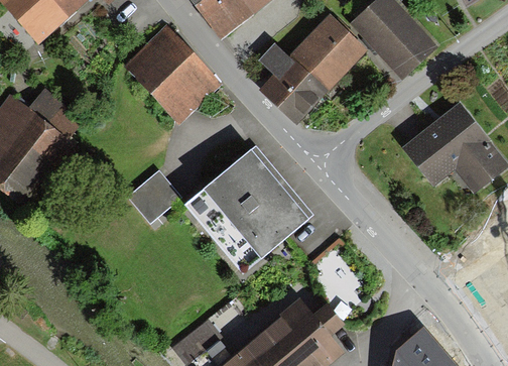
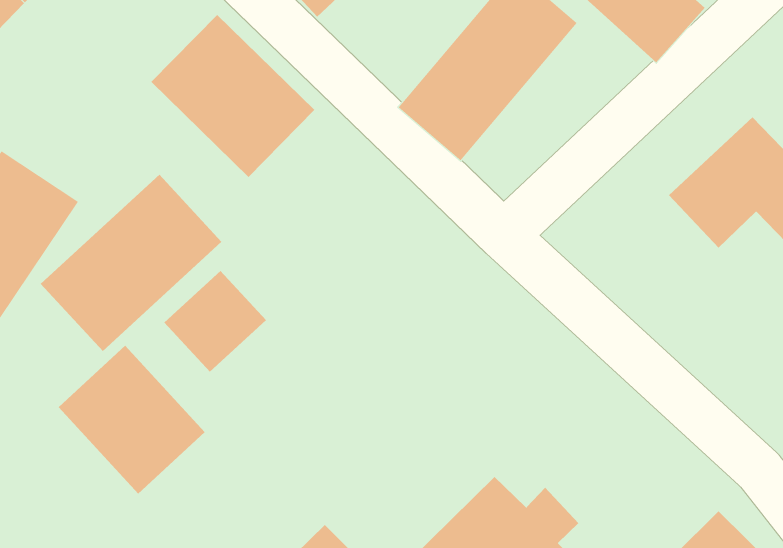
building: none -> [40,174,222,352]
building: [189,146,312,270] -> none
building: none -> [58,345,206,495]

